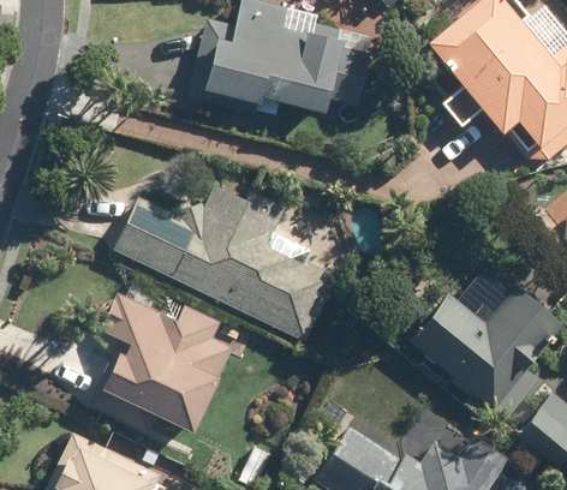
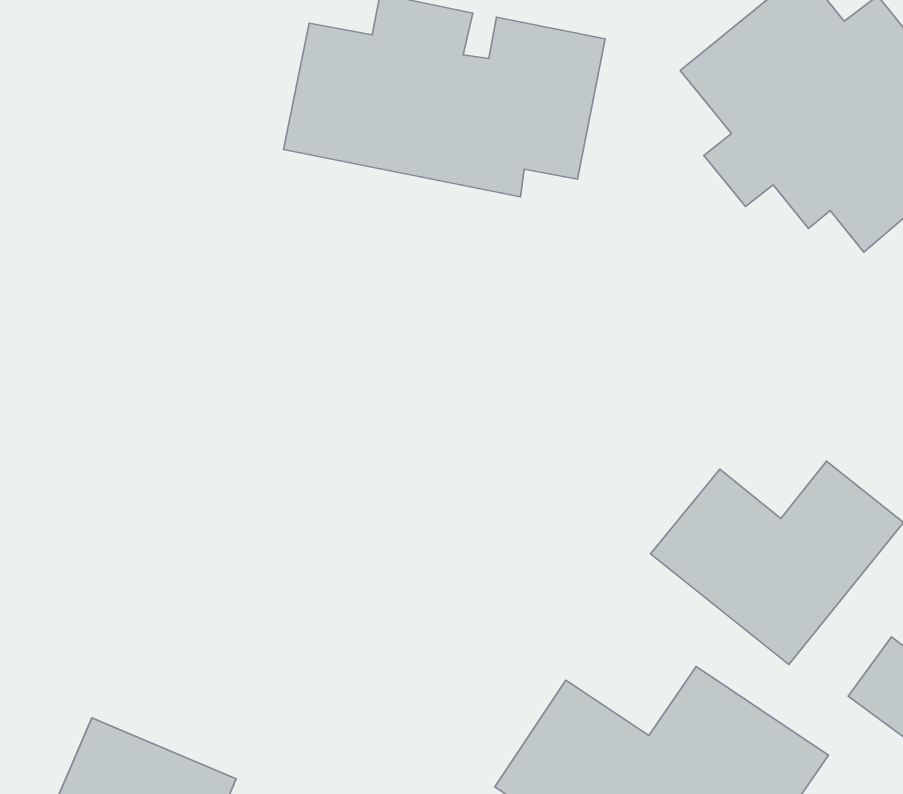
building: [115,184,341,343] -> none
building: [95,289,234,436] -> none

